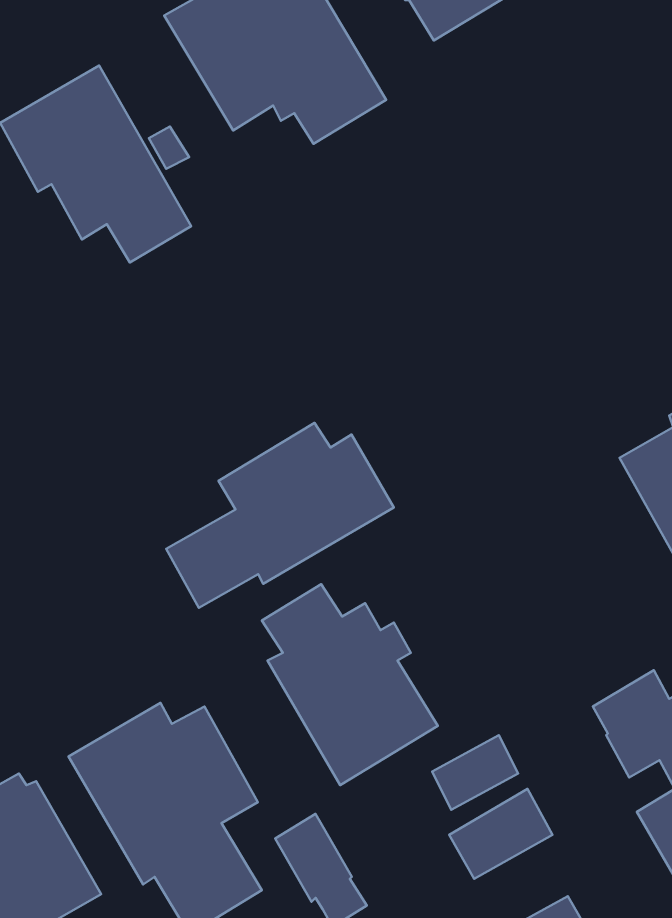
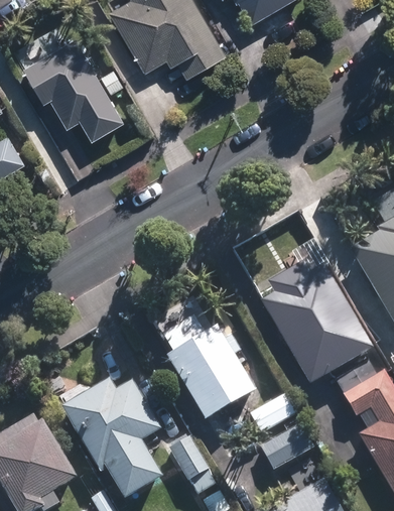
building: [166,423,394,608] -> none
building: none -> [259,260,372,384]

